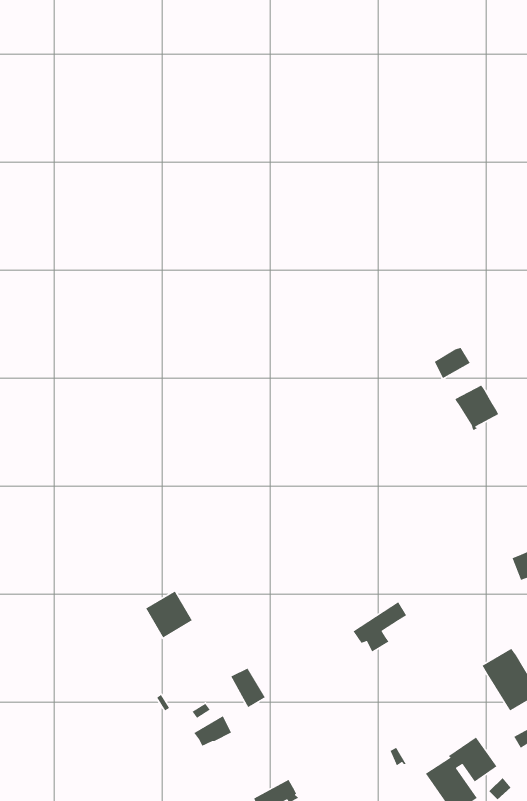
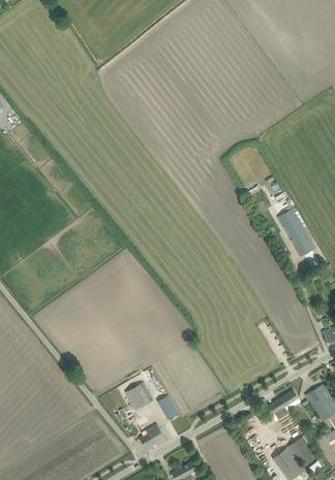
building: [145,591,193,638] -> [125,382,153,410]
building: [352,601,407,653] -> [267,389,299,419]

